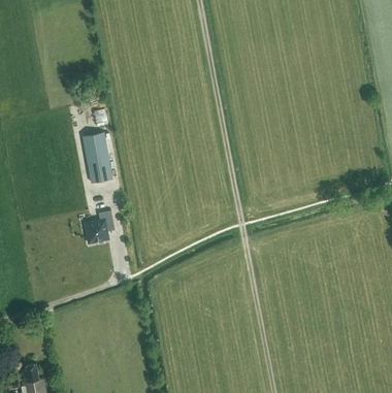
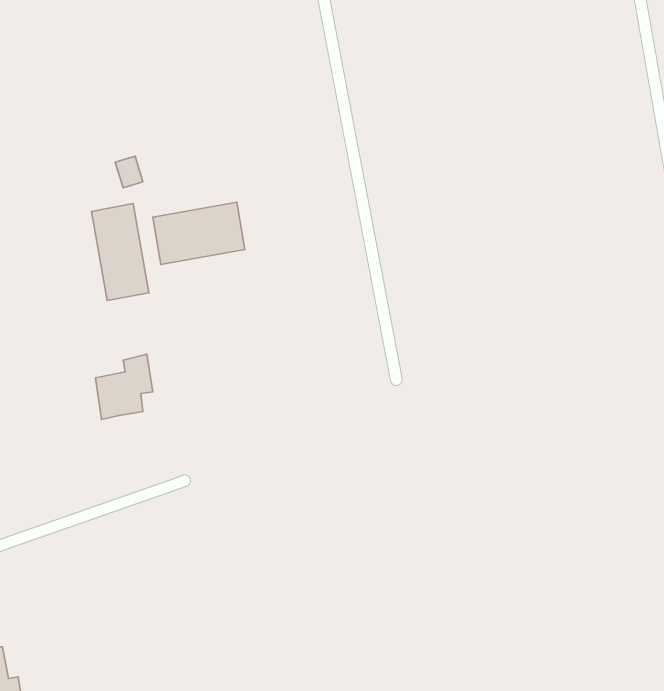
building: none -> [153,202,245,265]

